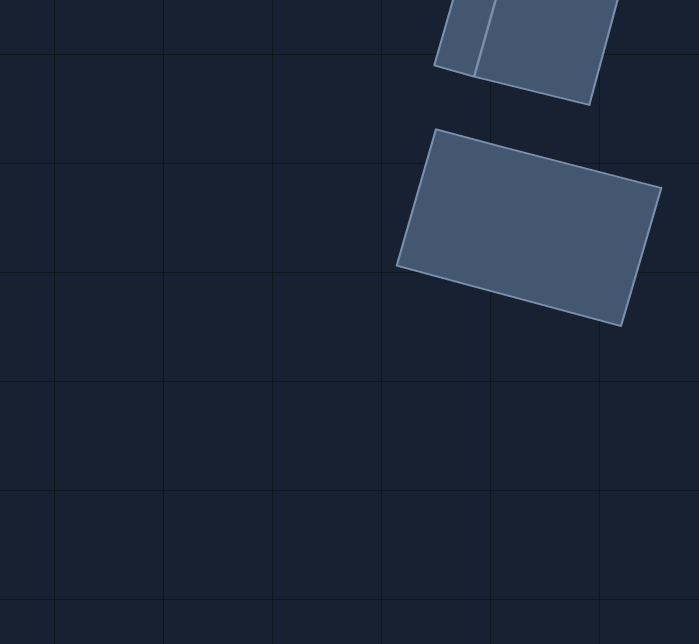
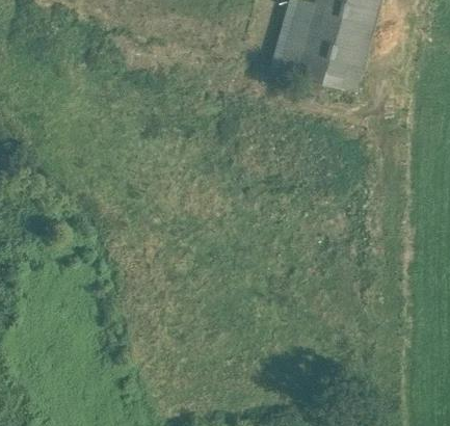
building: [397,129,661,326] -> none

